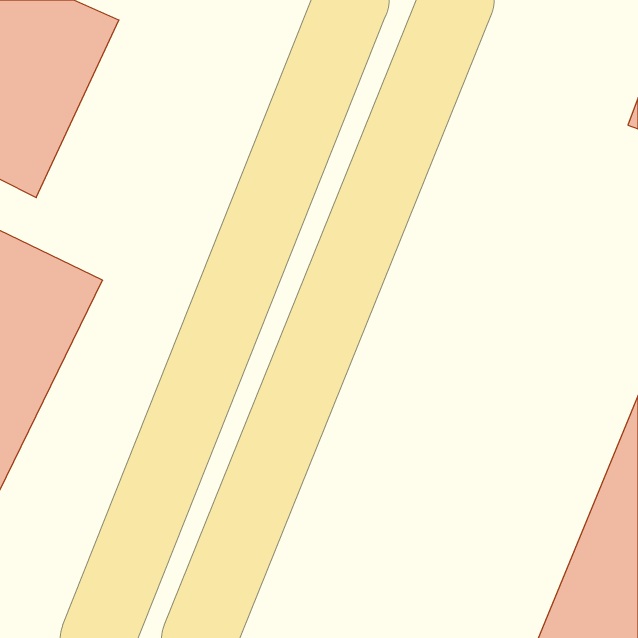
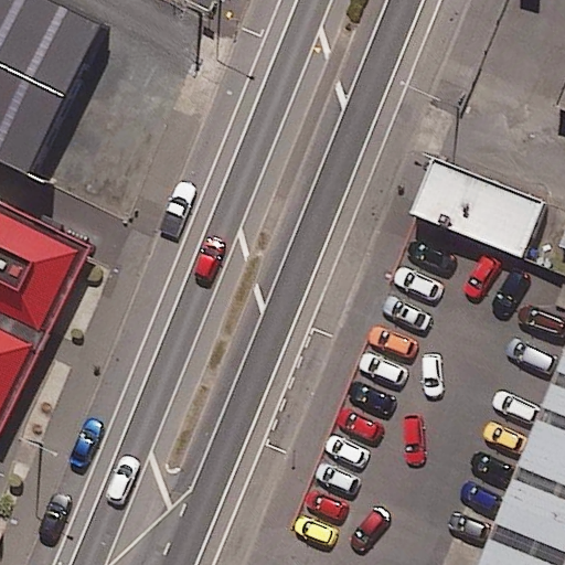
building: none -> [409,158,545,259]

